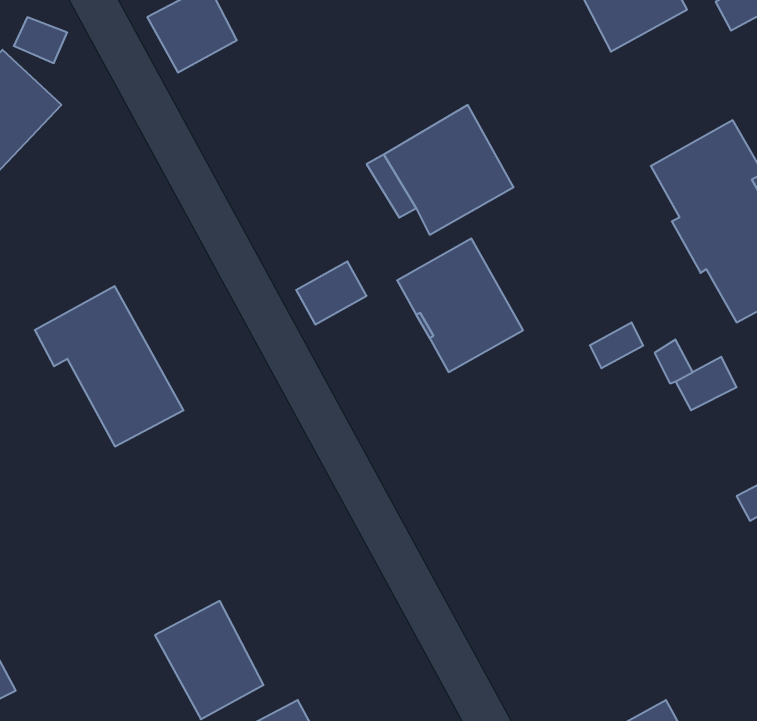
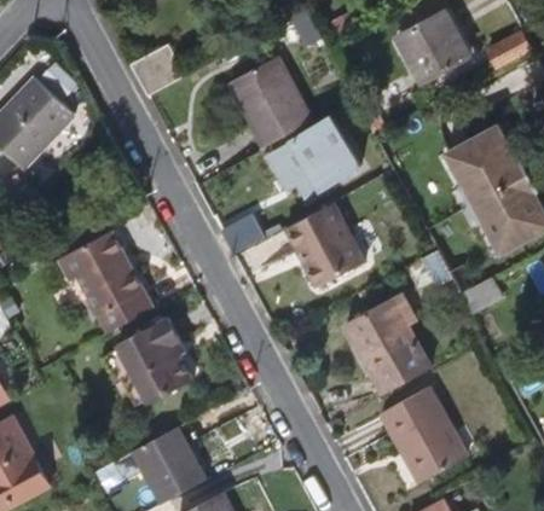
building: none -> [228,56,309,147]
building: none -> [347,300,428,394]
building: none -> [115,318,191,403]
building: none -> [382,387,469,480]

